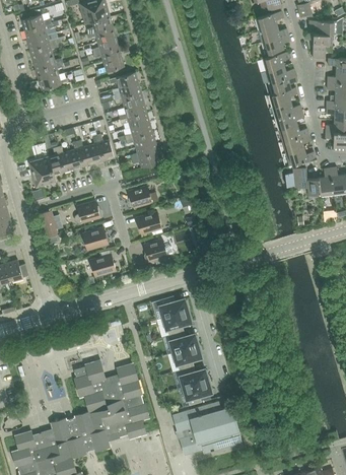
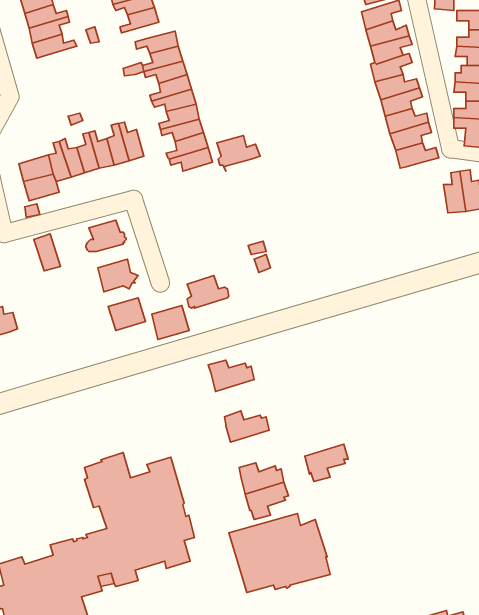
building: [285,166,322,198] -> none
building: [129,186,158,210] -> [217,135,260,171]
building: [137,211,162,234] -> [152,305,189,340]
building: [163,310,193,335] -> none
building: [174,344,203,369] -> [305,444,348,482]

